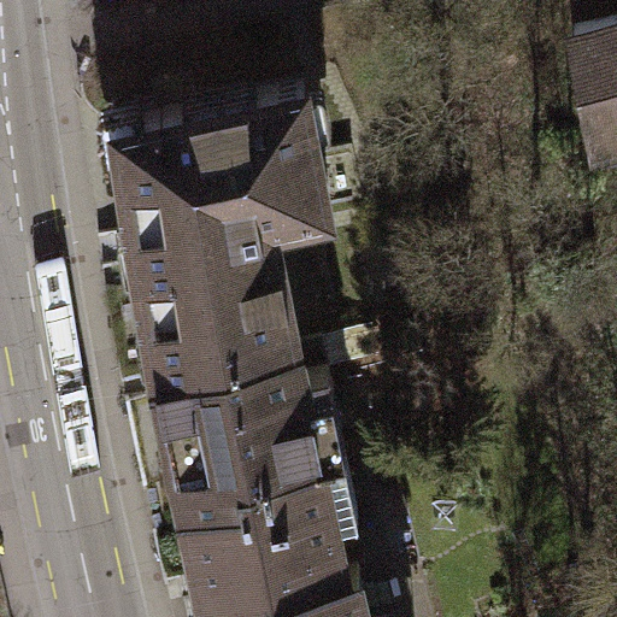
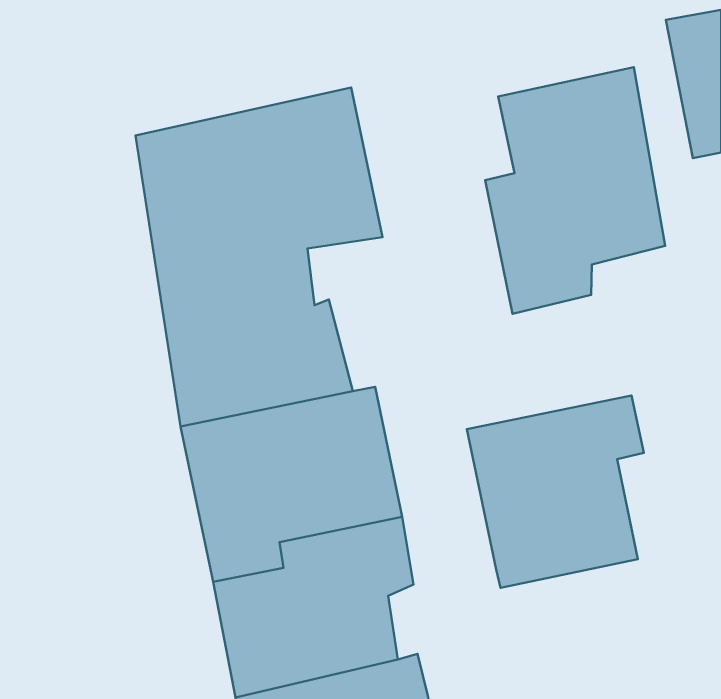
building: none -> [485,67,665,314]
building: none -> [467,395,644,588]

